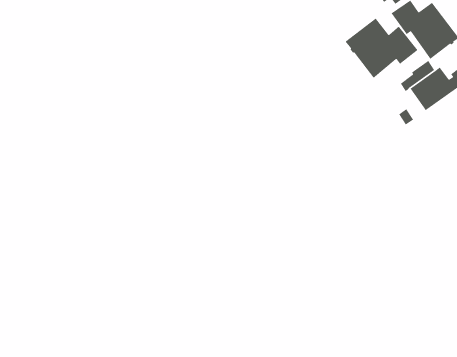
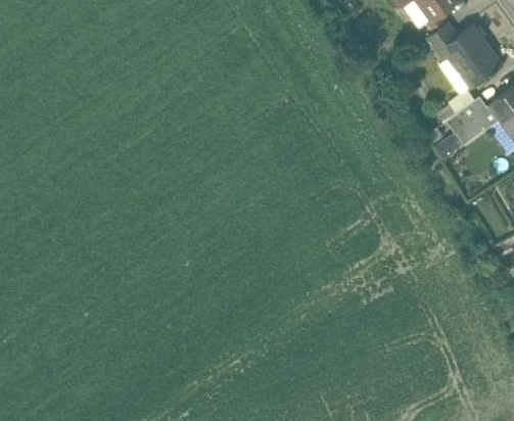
building: [345,18,418,79] -> none

